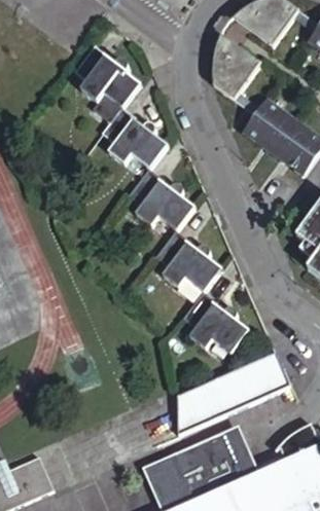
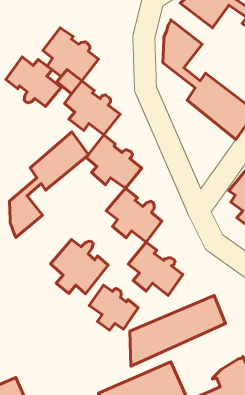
building: none -> [6,57,61,107]
building: none -> [10,132,88,237]
building: none -> [51,239,108,294]
building: none -> [89,285,138,330]

